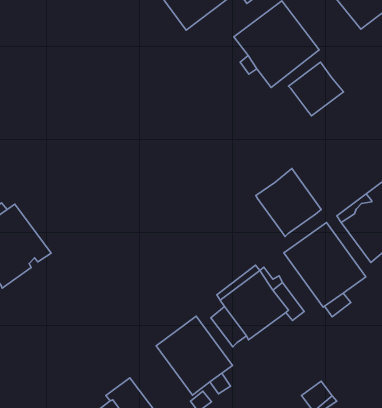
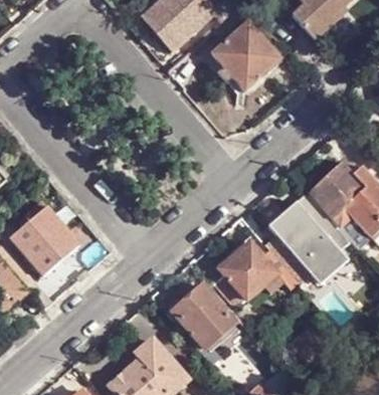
building: [288,62,344,116] -> none
building: [256,169,321,236] -> none

